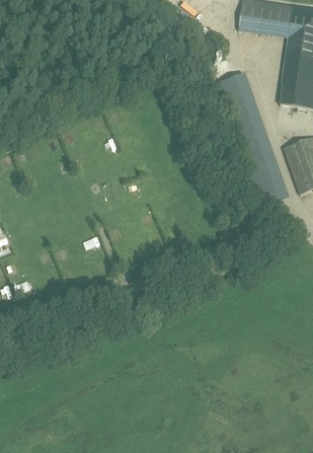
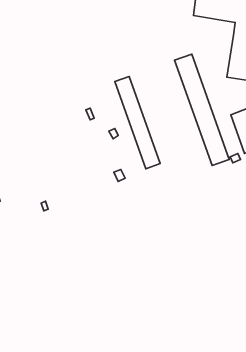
building: none -> [115,76,160,169]

